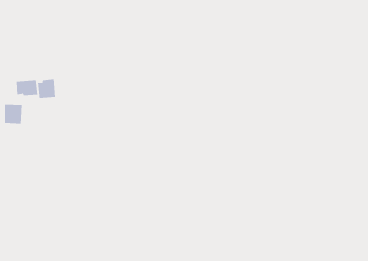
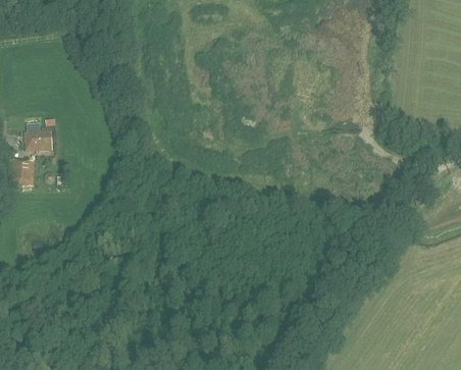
building: [37,79,55,99] -> none

